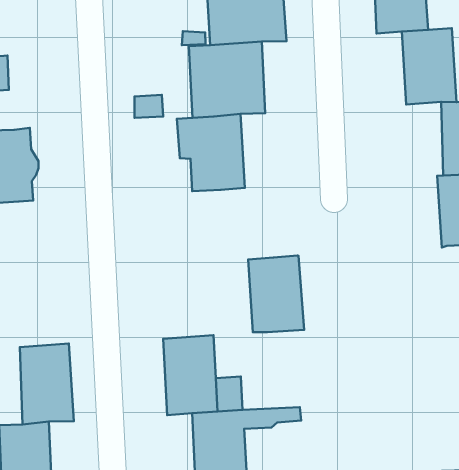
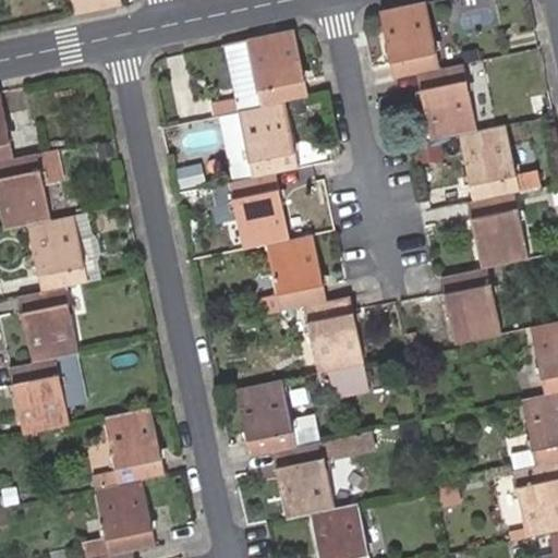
building: none -> [269,234,328,308]
building: none -> [440,262,501,340]
building: none -> [333,361,373,395]

